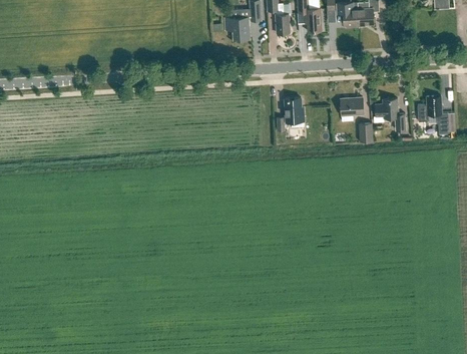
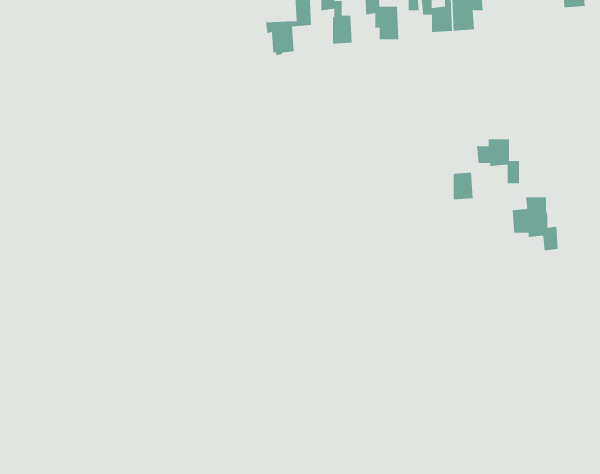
building: [417,96,449,133] -> [512,197,559,251]
building: [278,97,305,130] -> none
building: [340,98,364,122] -> none

